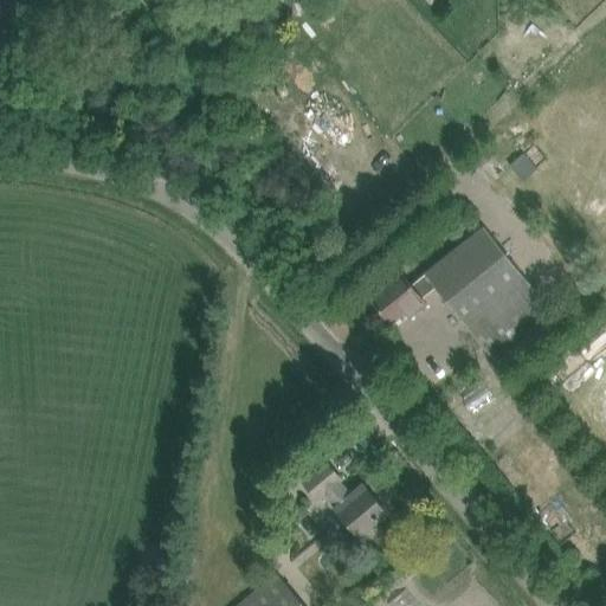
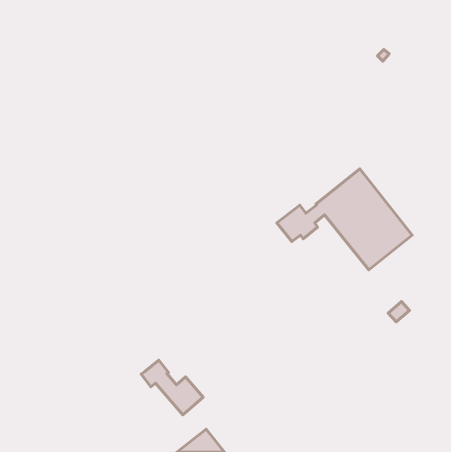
building: [303,463,386,536] -> [141,360,203,415]

